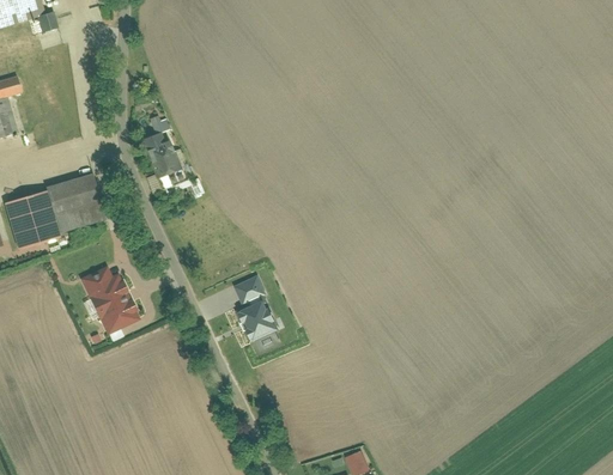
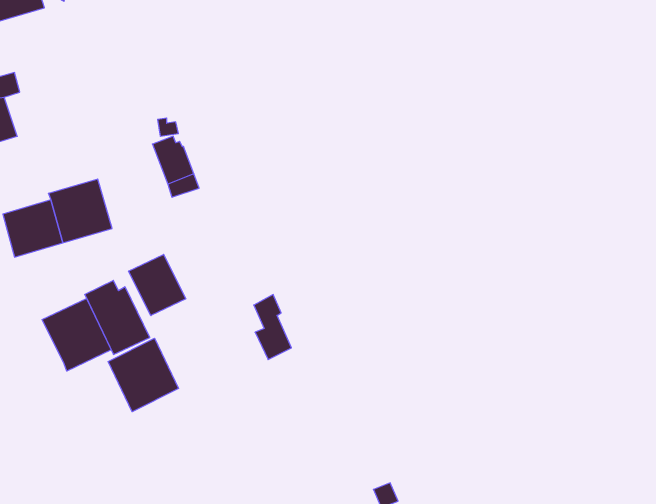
building: none -> [129,254,186,316]
building: none -> [42,298,111,371]
building: none -> [108,338,178,412]

